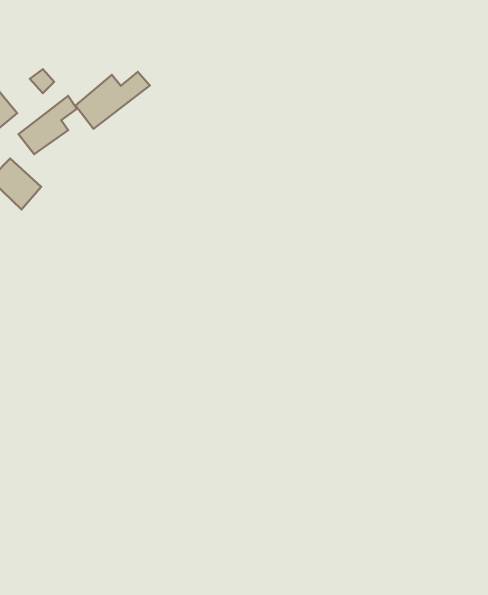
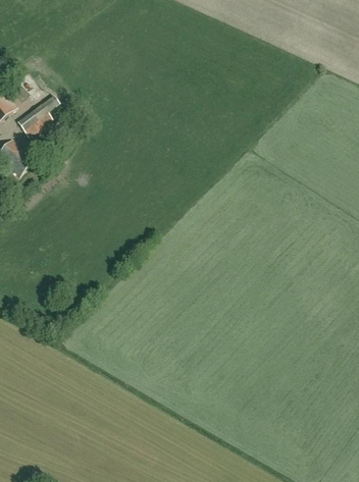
building: [76,72,150,129] -> none

